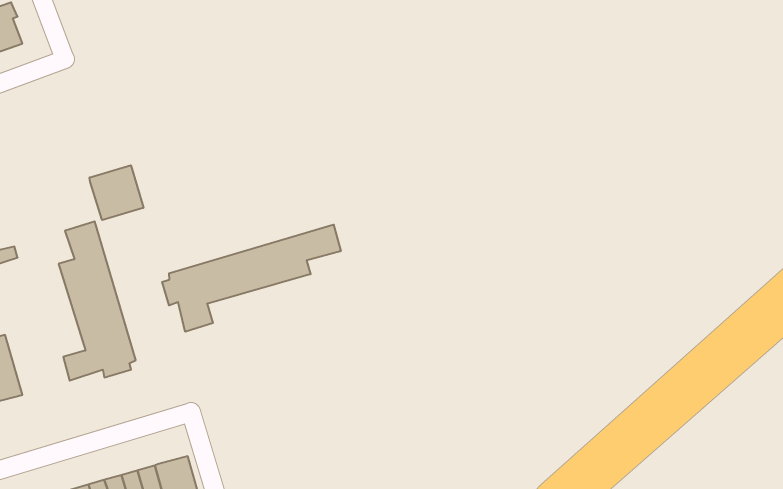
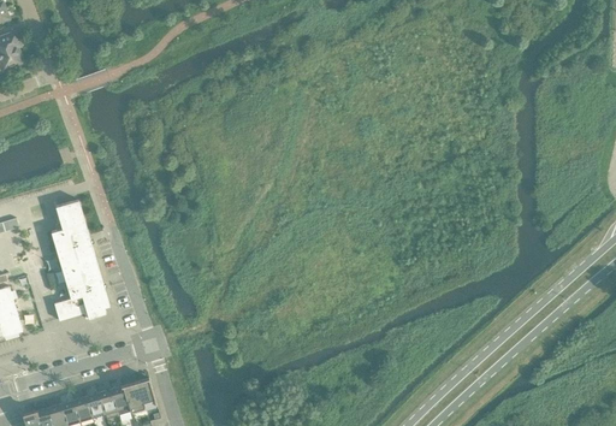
building: [90,165,143,220] -> none
building: [162,225,341,332] -> none

